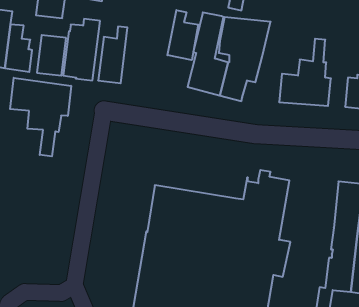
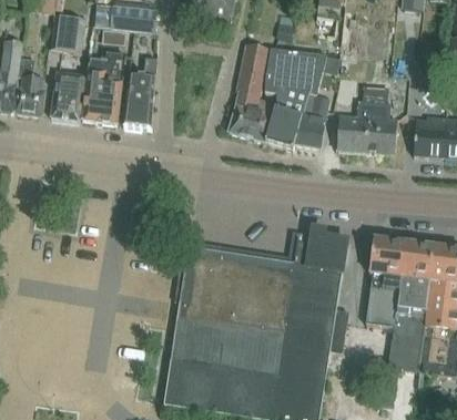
building: [167,10,198,60] -> none
building: none -> [292,95,328,145]
building: [10,78,71,156] -> none
building: none -> [366,237,405,327]

